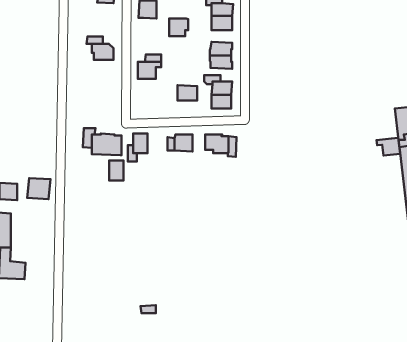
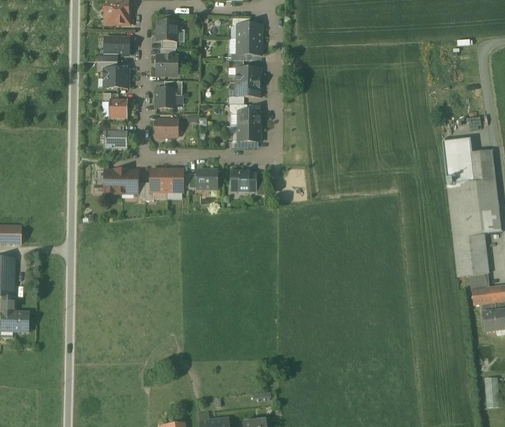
building: none -> [105,37,129,55]
building: [169,18,188,36] -> [157,55,178,75]
building: none -> [109,99,128,118]
building: [177,85,197,100] -> [156,119,178,136]
building: none -> [106,131,128,148]
building: [377,138,400,156] -> none
building: [109,161,124,180] -> [167,169,183,191]
building: [27,178,50,199] -> none

